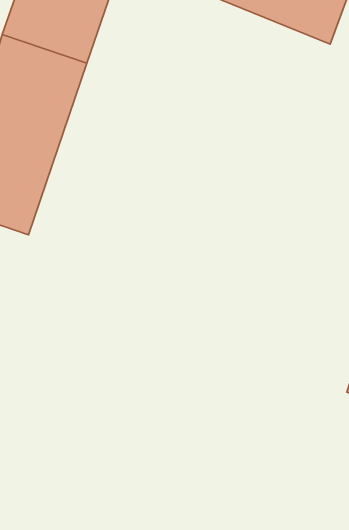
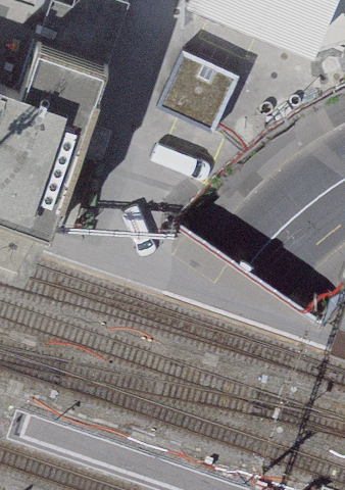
building: none -> [154,48,237,131]

